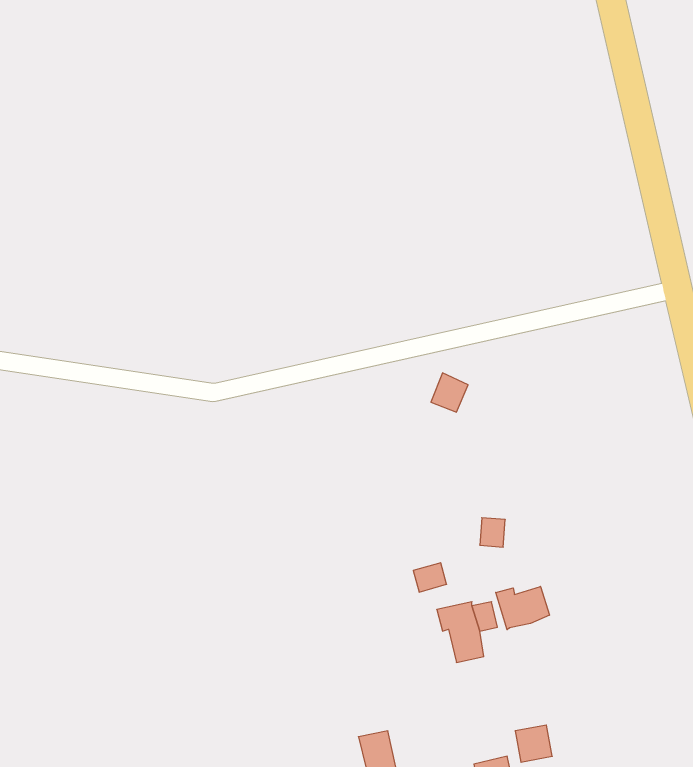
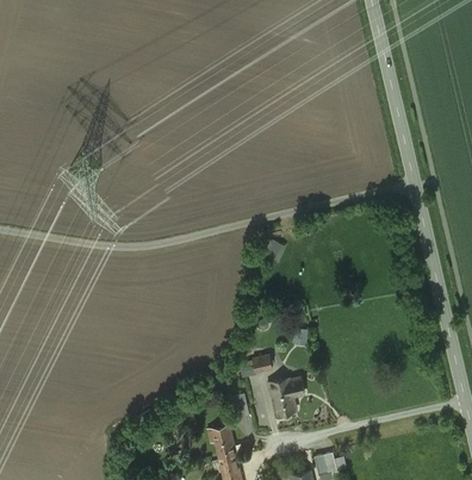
building: [496,586,549,630] -> none
building: none -> [207,425,237,460]

